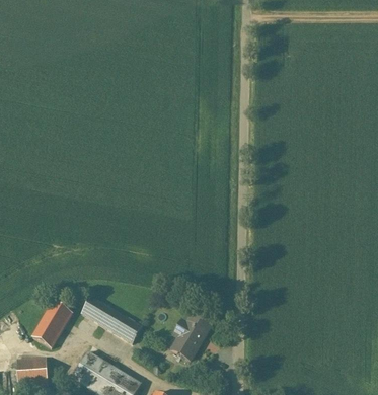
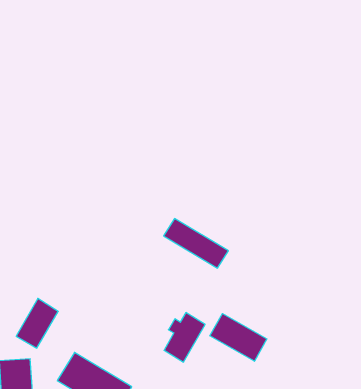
building: [81,296,142,342] -> [164,219,228,268]
building: none -> [210,314,267,361]

